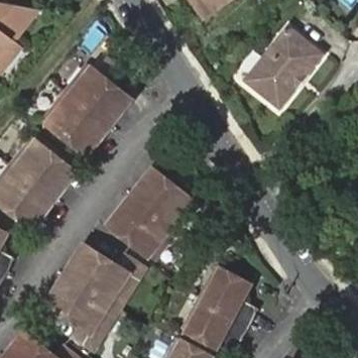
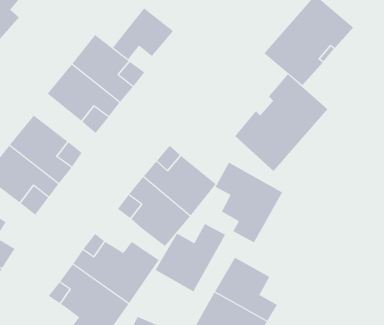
building: none -> [112,7,174,60]
building: none -> [234,74,328,172]
building: none -> [215,162,283,243]
building: none -> [155,223,226,292]

